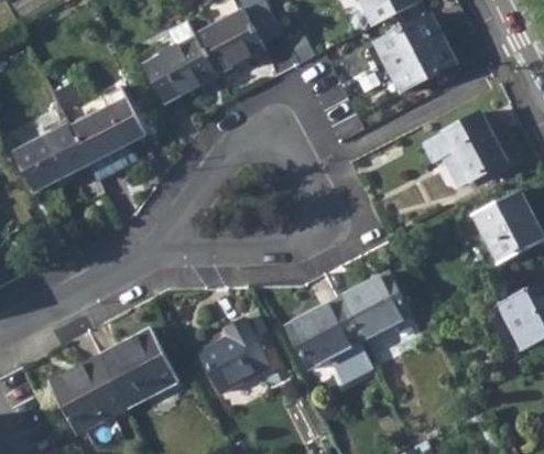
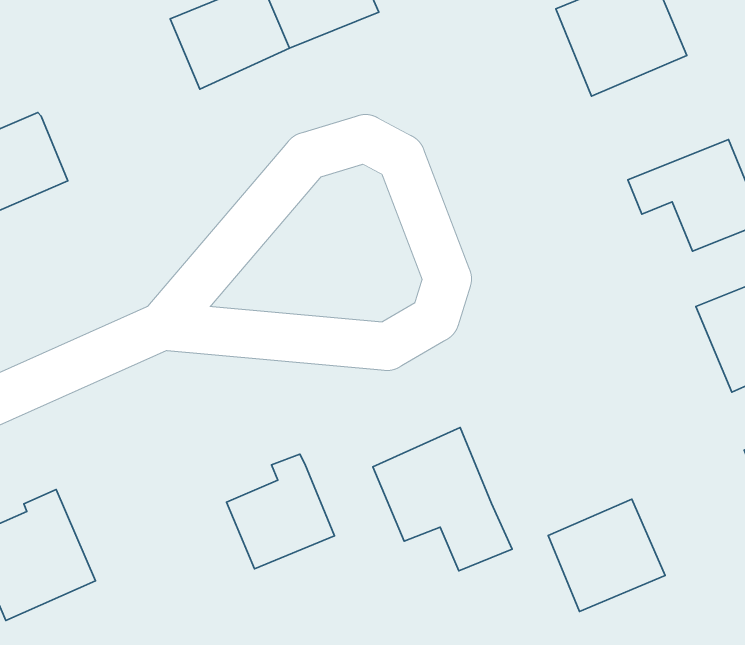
building: [70,90,146,181] -> none
building: [335,271,406,340] -> [548,499,665,611]
building: [96,331,173,404] -> none

